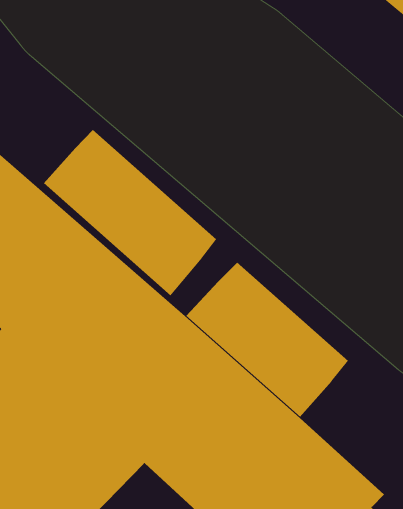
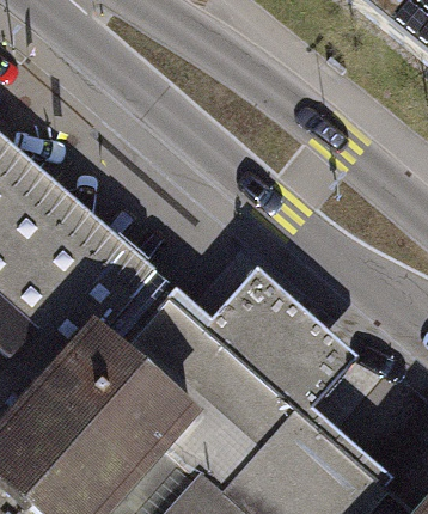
building: [43,129,217,296] -> none

